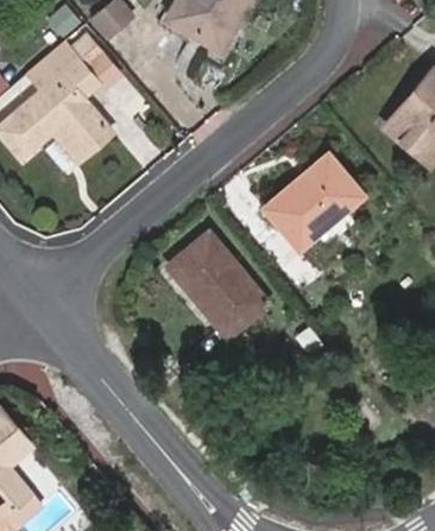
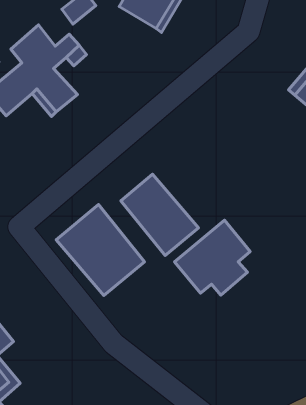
building: [265,153,362,249] -> [174,220,250,295]
building: none -> [56,204,145,295]

